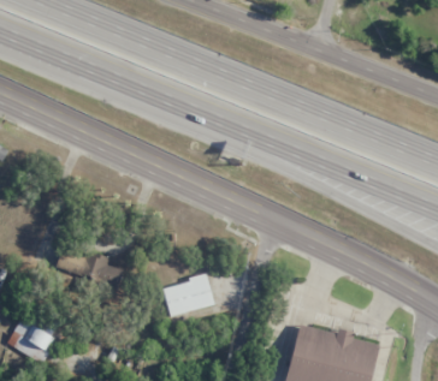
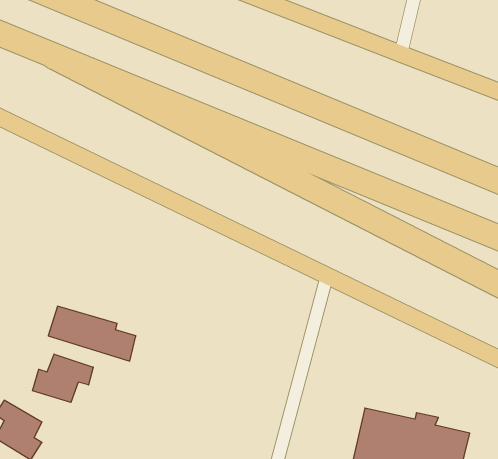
building: [161,276,213,316] -> none
building: none -> [33,354,93,402]

